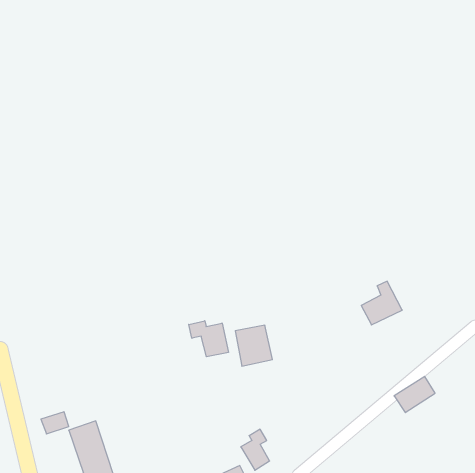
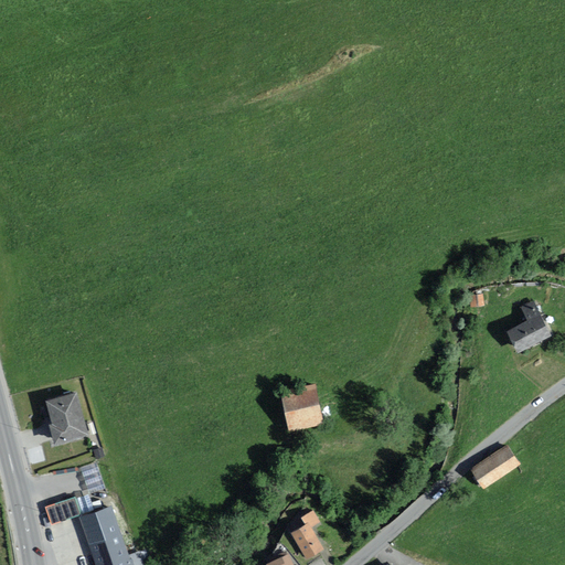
building: [361,281,402,325] -> [499,303,547,355]
building: none -> [49,383,89,434]
building: [189,321,228,357] -> none

